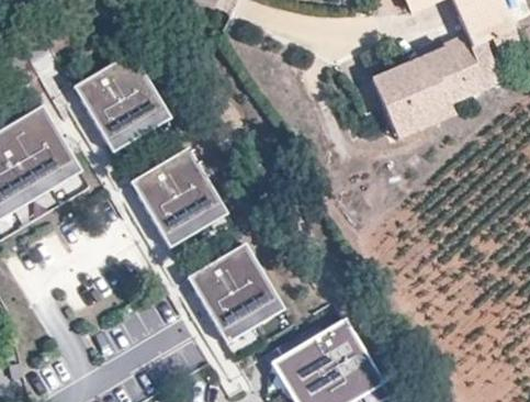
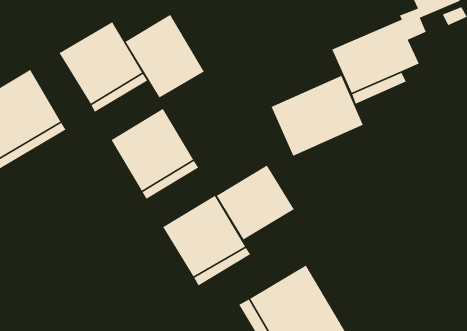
building: none -> [125,14,205,98]
building: none -> [270,75,364,157]
building: none -> [216,164,295,241]

